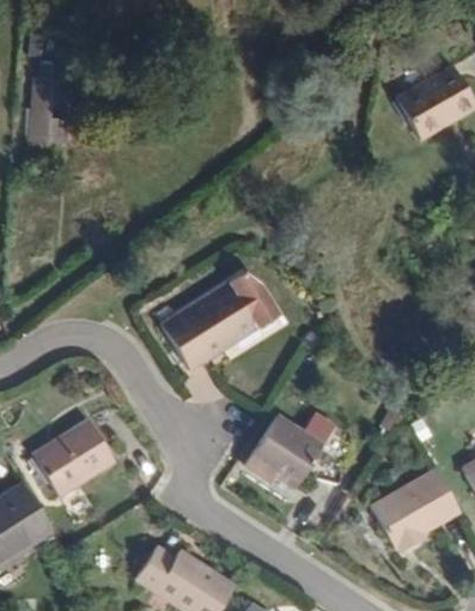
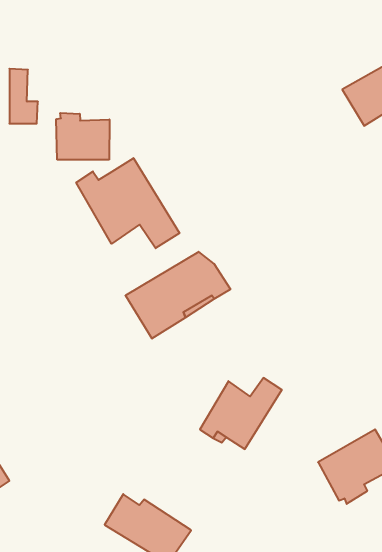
building: none -> [56,113,109,160]
building: none -> [76,158,179,248]
building: [36,416,117,495] -> none

